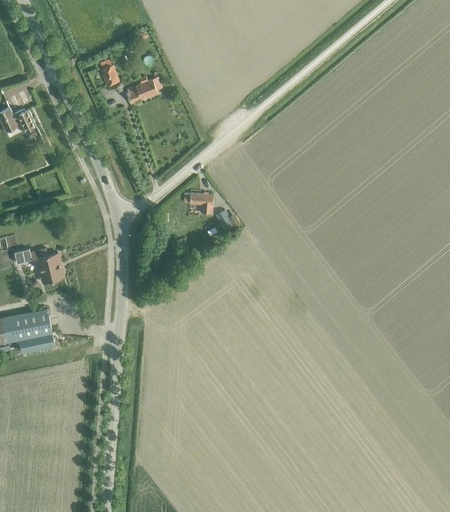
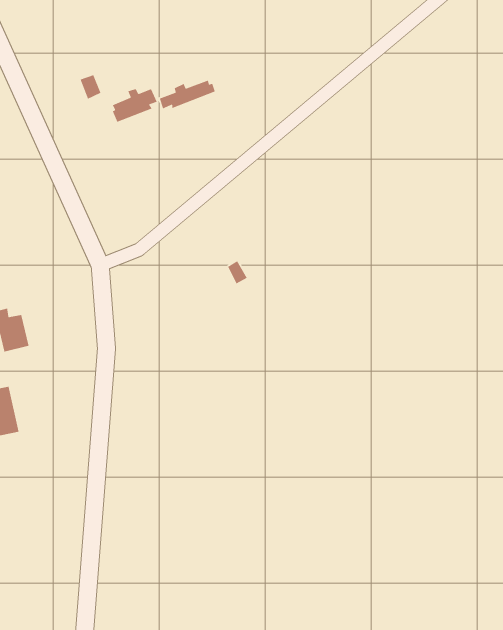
building: none -> [159,80,216,110]
building: [183,193,212,214] -> none

